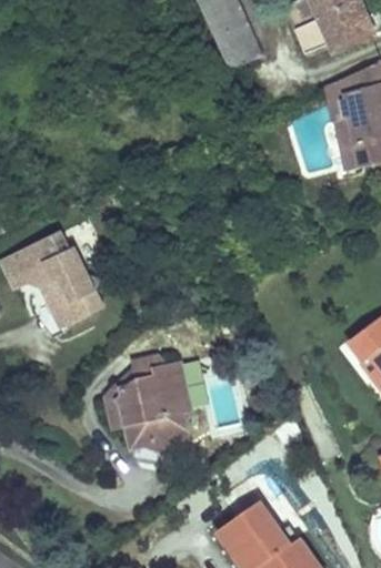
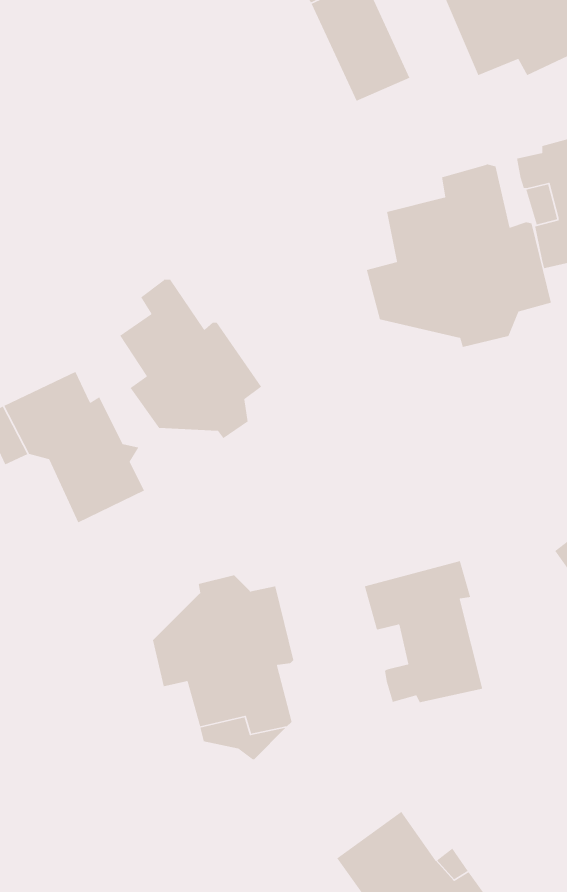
building: none -> [366,164,552,348]
building: none -> [119,279,262,439]
building: none -> [364,560,483,703]

